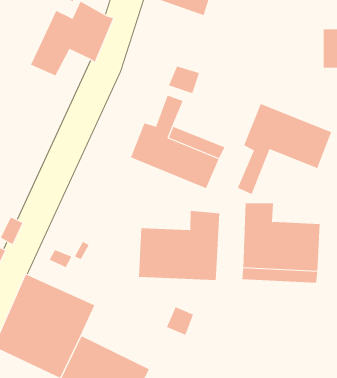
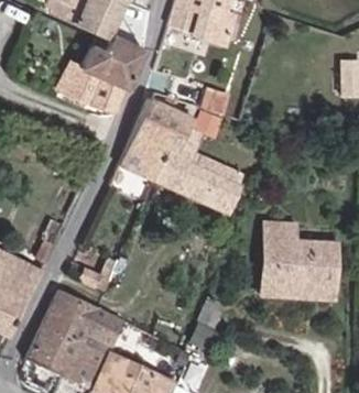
building: none -> [121,103,193,181]
building: [237,103,332,195] -> none
building: [139,210,220,281] -> none

